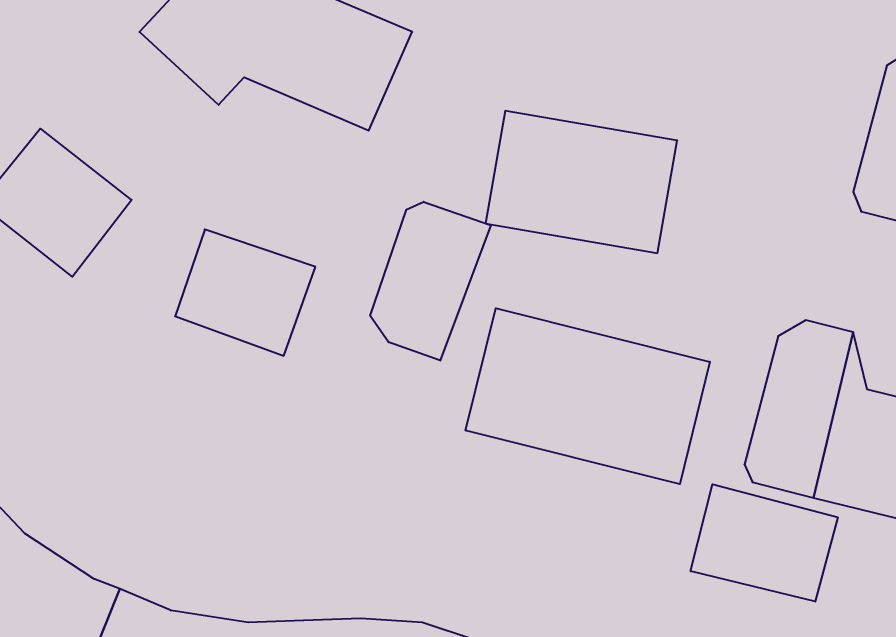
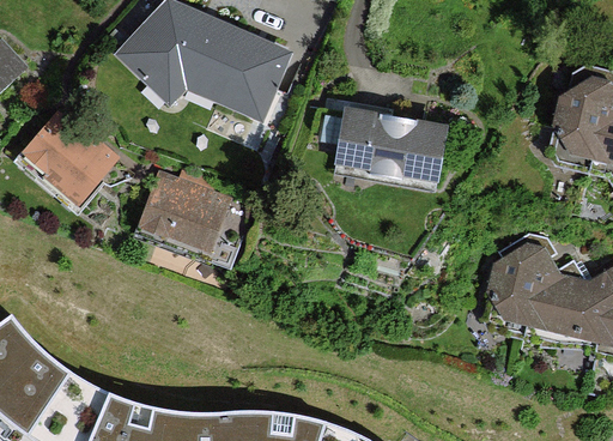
building: [370,202,491,361] -> none
building: [466,308,710,484] -> none
building: [691,484,838,602] -> none

